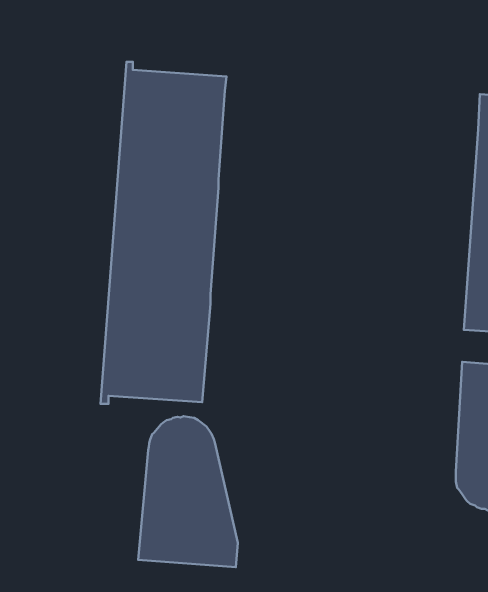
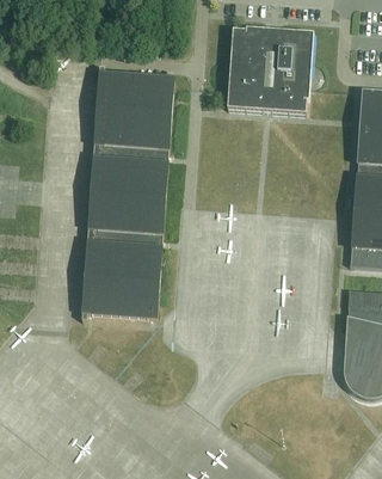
building: none -> [227,27,312,112]
building: [138,416,238,567] -> none

